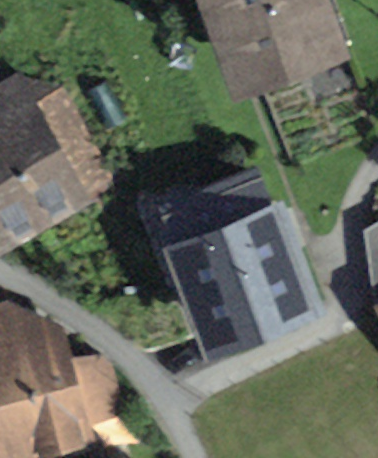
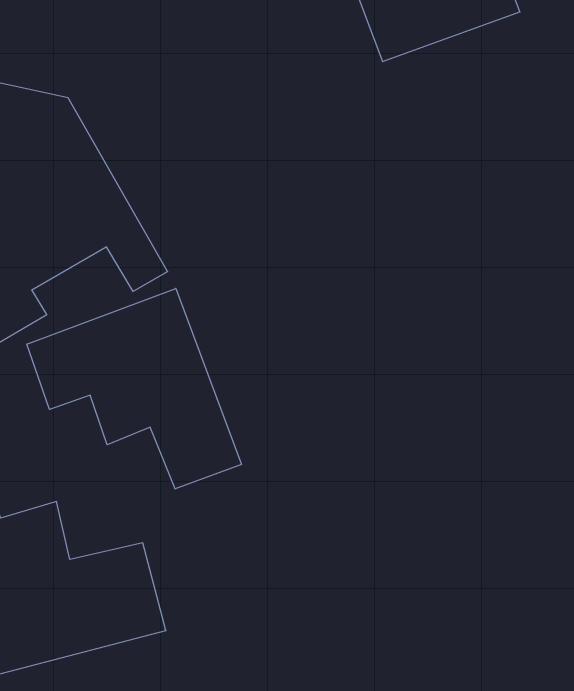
building: [167,185,295,337] -> none
building: none -> [27,288,242,489]

